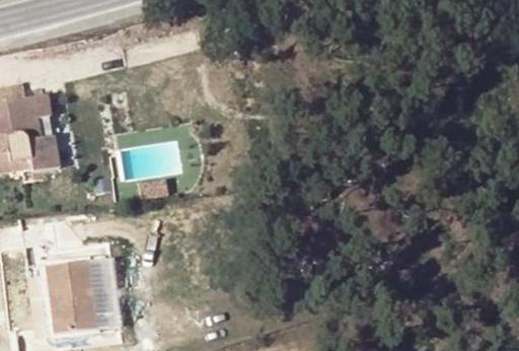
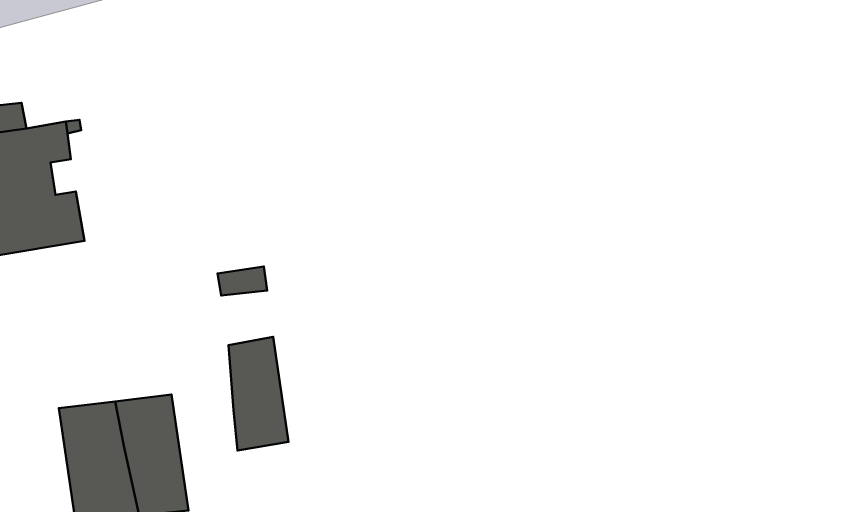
building: none -> [229,337,288,450]

